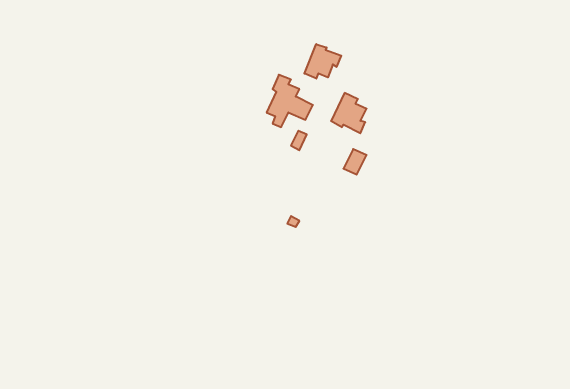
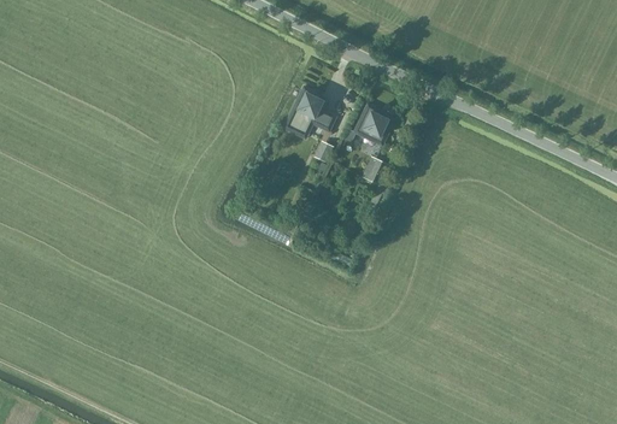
building: [304,44,341,79] -> none

